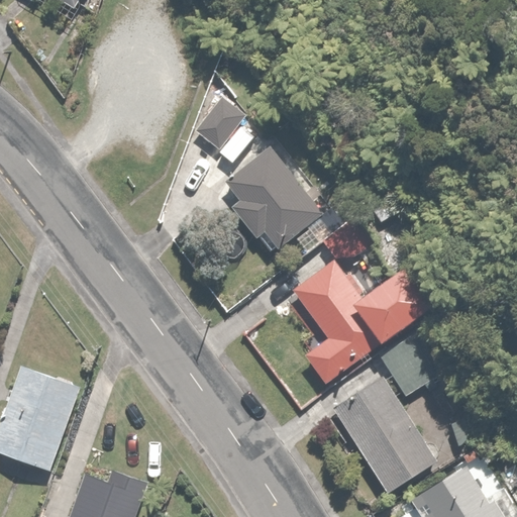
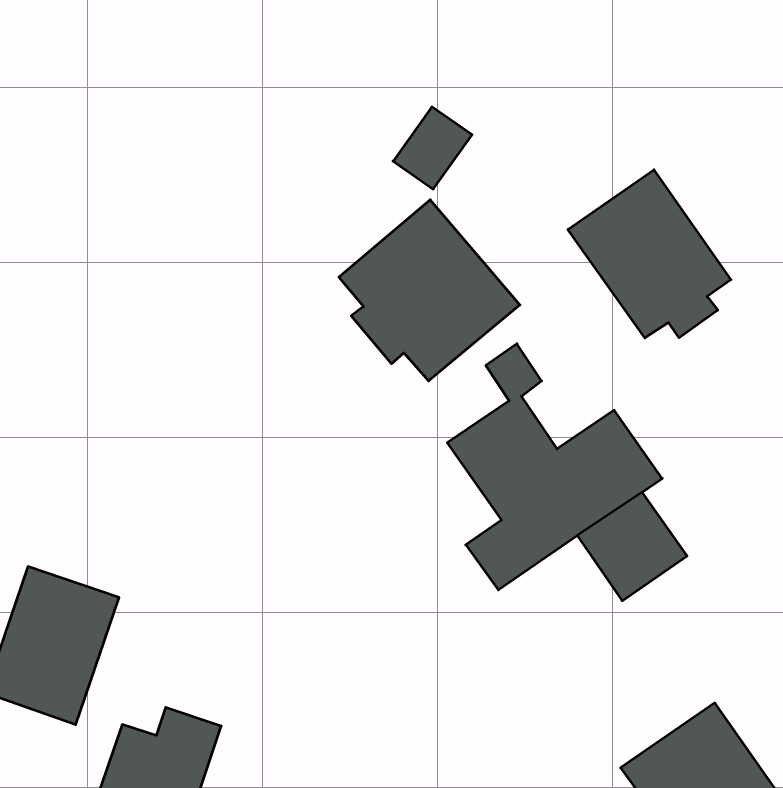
building: [192,99,243,152] -> [393,107,472,189]
building: none -> [568,170,731,338]
building: [332,376,440,493] -> none

